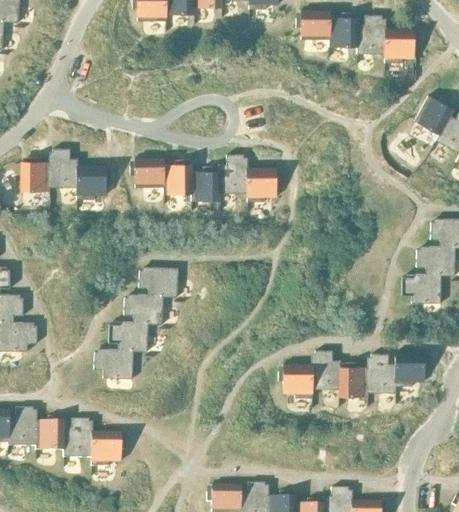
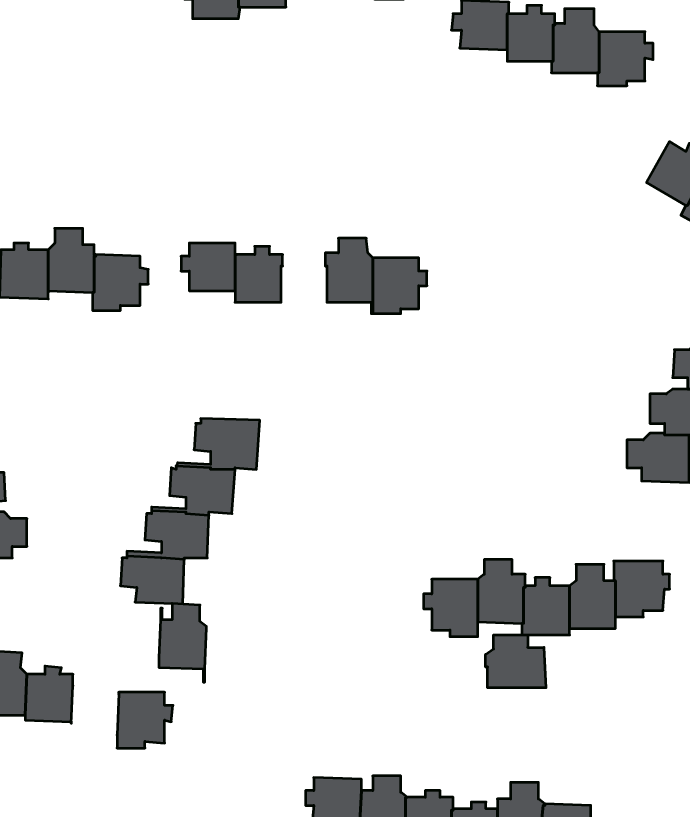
building: [191,167,220,201] -> none
building: none -> [486,635,546,688]
building: [63,418,92,466] -> [159,603,206,682]

